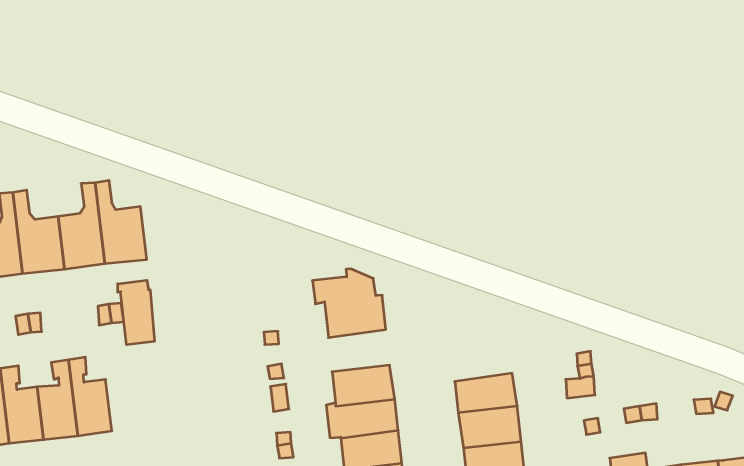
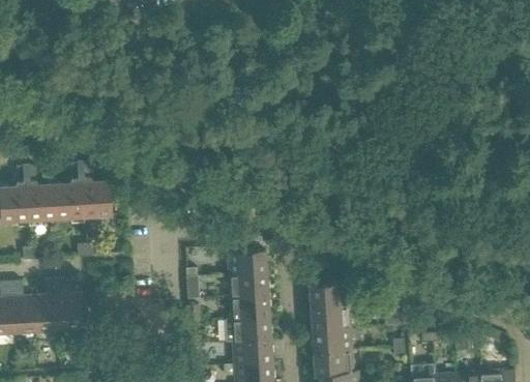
building: [118,280,154,345] -> none
building: none -> [230,272,269,298]
building: none -> [311,283,350,310]

